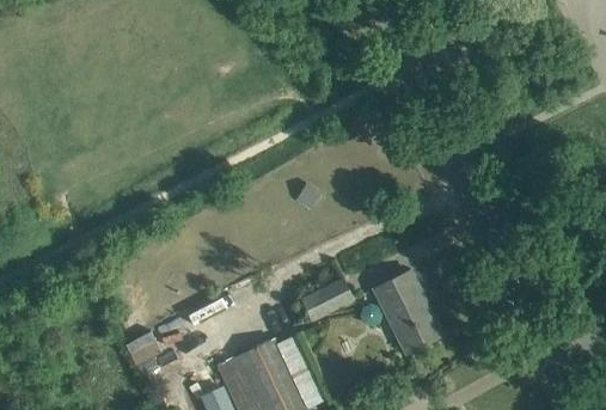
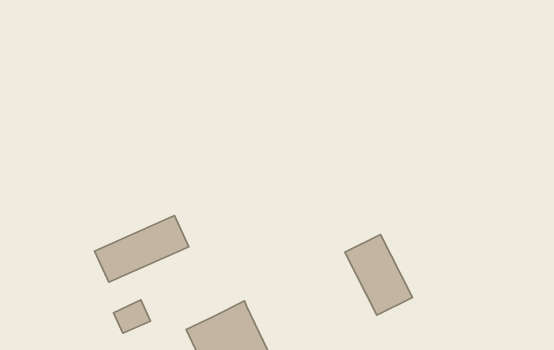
building: none -> [94,215,189,282]
building: [301,281,353,320] -> none

